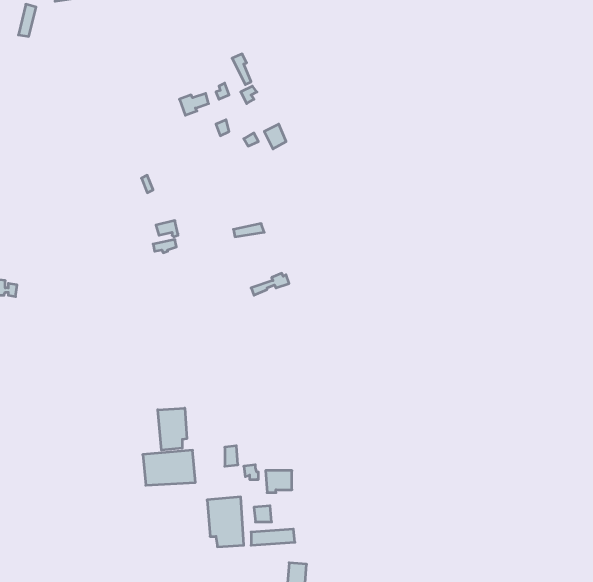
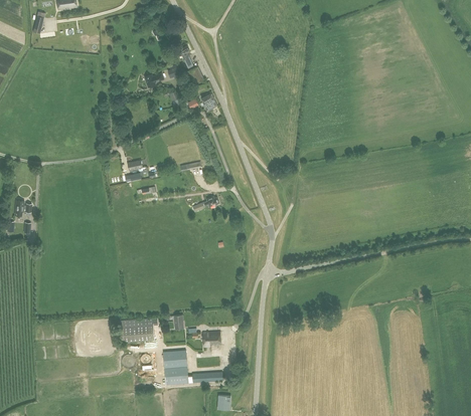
building: [158,408,187,450] -> none

